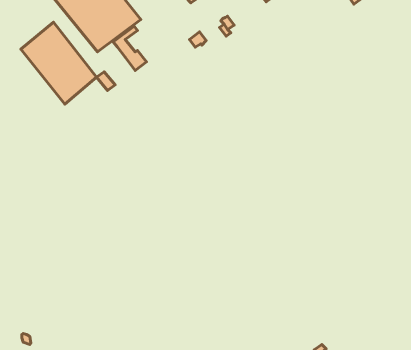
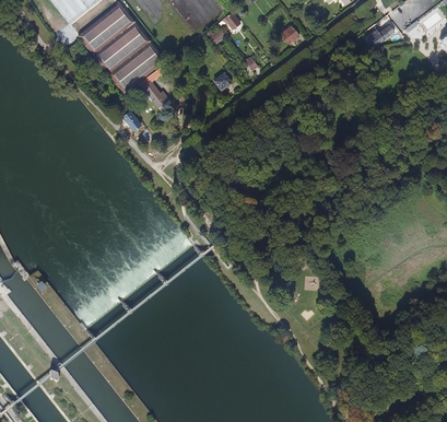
building: [21,22,96,104] -> none

